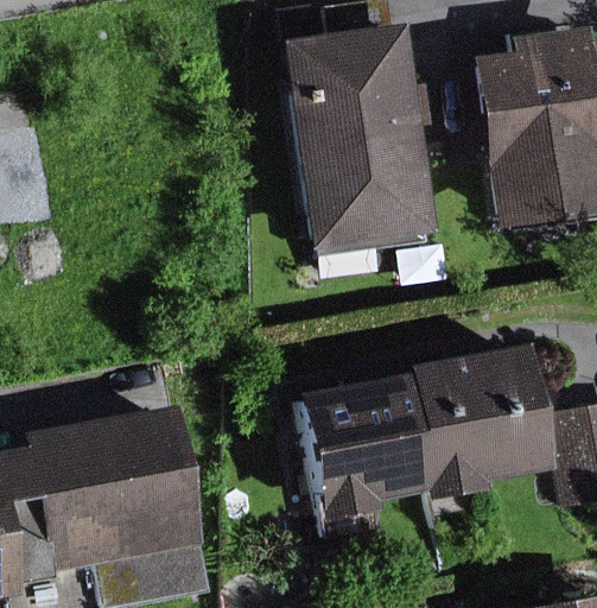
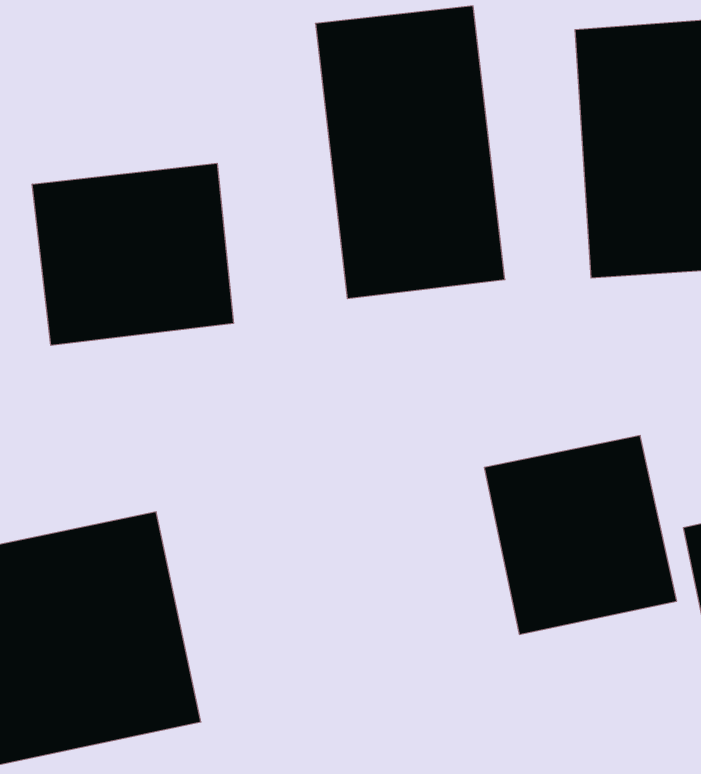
building: none -> [32,163,233,345]
building: [303,372,440,520] -> none

